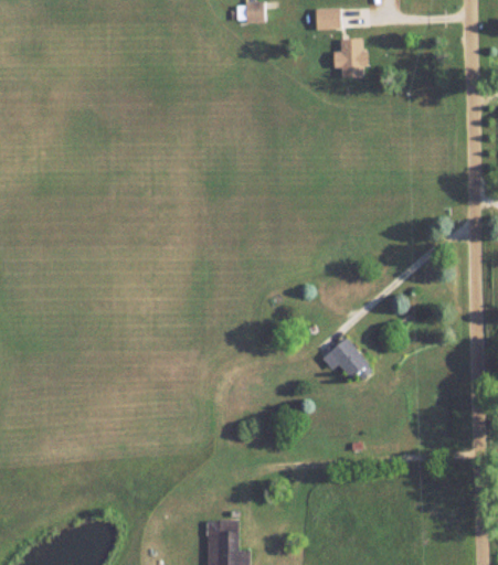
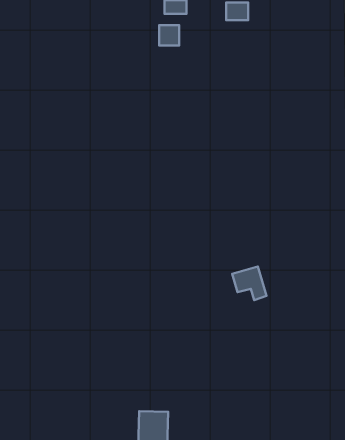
building: none -> [159,25,179,45]
building: [335,39,369,78] -> none

